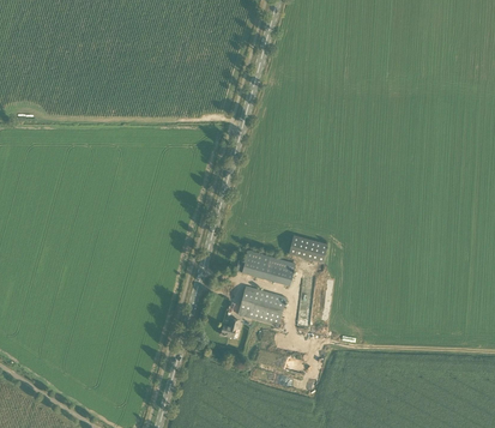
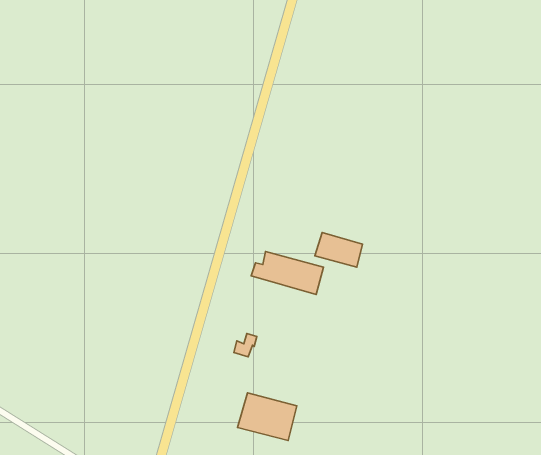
building: [236,284,285,324] -> [238,393,297,440]

